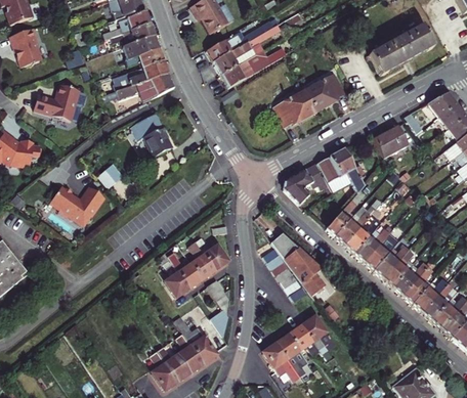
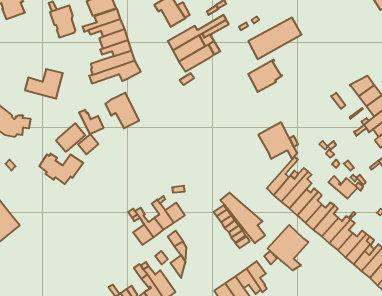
building: [369,26,433,76] -> [248,18,302,59]
building: [10,28,41,67] -> [50,5,75,38]
building: [272,90,315,127] -> none
building: [373,125,409,158] -> none
building: none -> [79,110,103,134]
building: none -> [56,123,85,152]
building: [284,164,329,204] -> none
building: none -> [328,176,358,199]
building: none -> [268,225,308,270]

